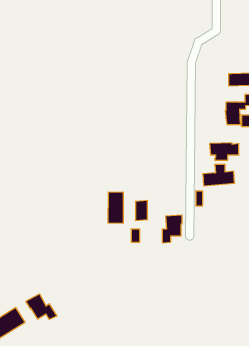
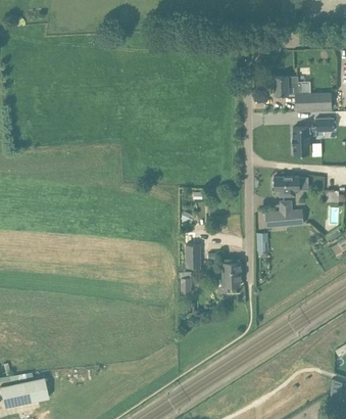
building: none -> [275,77,300,95]
building: [108,192,123,223] -> none
building: [26,294,57,319] -> none

